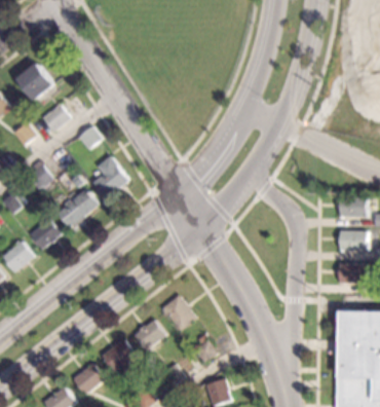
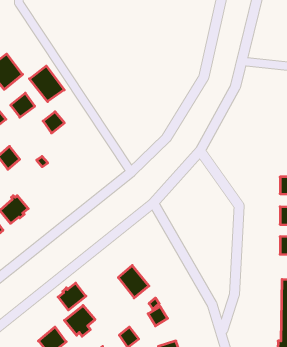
building: none -> [29,66,64,102]
building: [92,155,129,198] -> none
building: [55,188,98,227] -> none
building: [132,320,163,349] -> [58,283,86,310]

